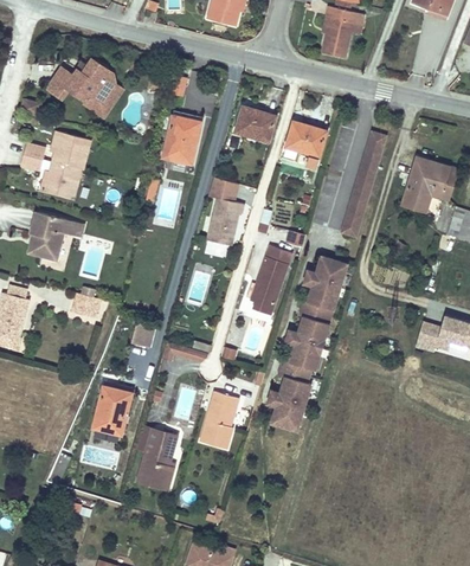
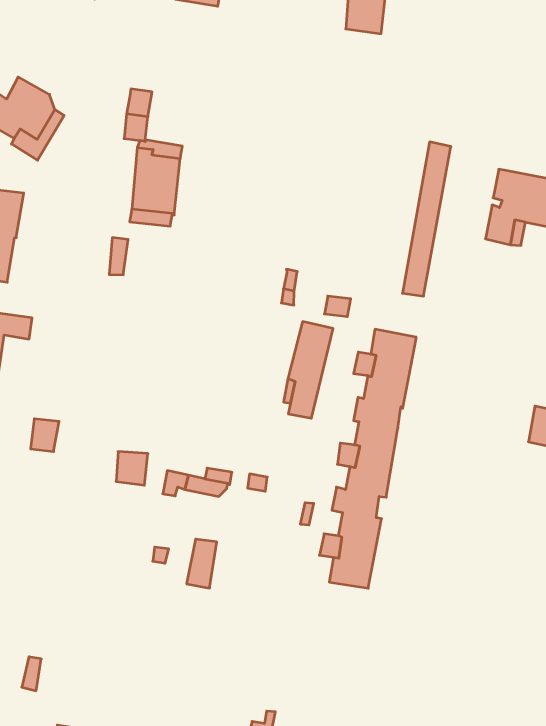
building: [234,107,275,141] -> none
building: [286,121,327,167] -> none
building: [207,173,244,244] -> none
building: [92,382,134,433] -> none
building: [200,390,239,449] -> none
building: [137,427,178,489] -> none

